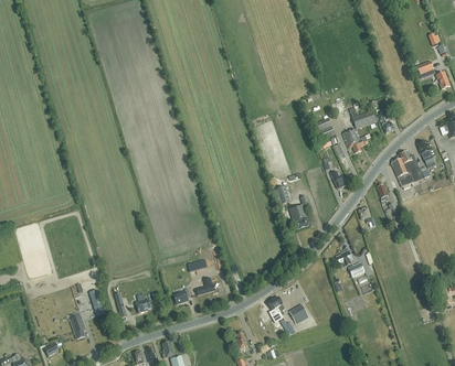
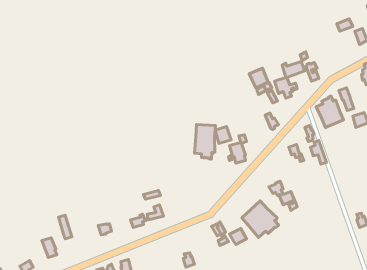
building: none -> [194,125,215,159]
building: none -> [242,201,279,237]

